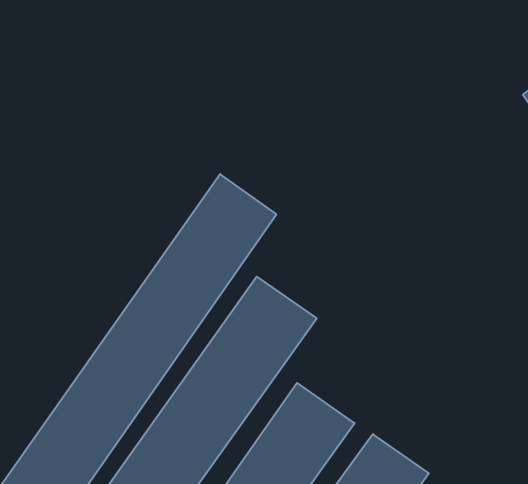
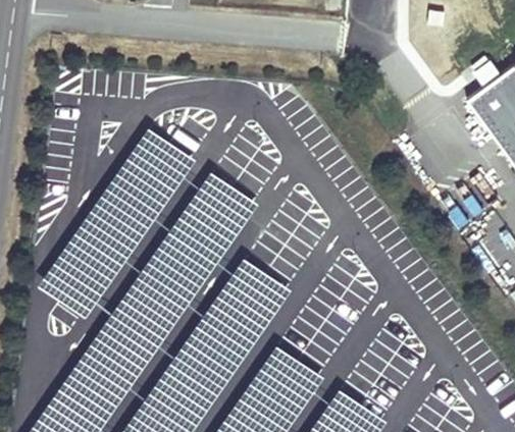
building: none -> [38,129,197,320]

